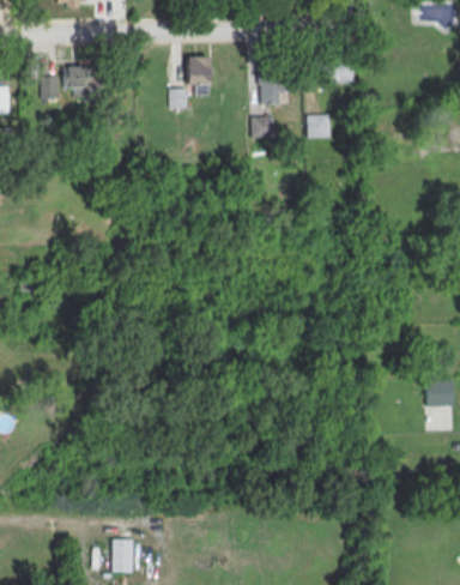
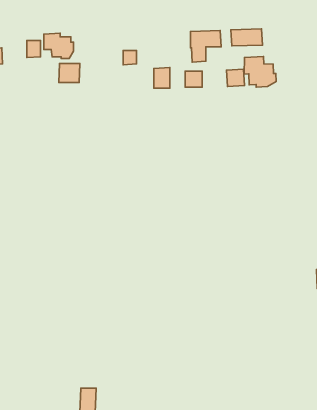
building: [188,56,210,84] -> [154,68,170,88]
building: none -> [244,57,276,87]
building: none -> [59,64,80,82]

